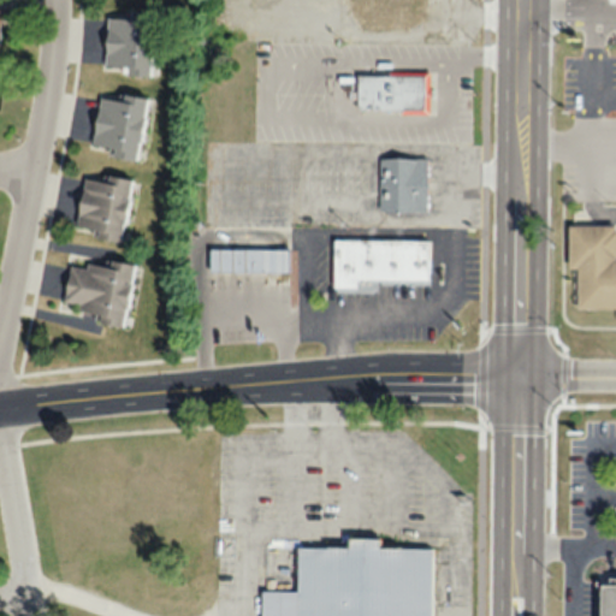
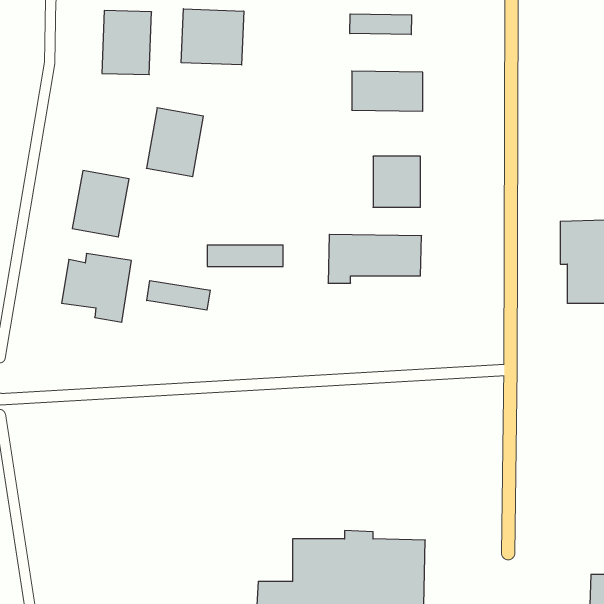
building: none -> [181,9,244,65]
building: none -> [350,14,412,35]
building: [91,91,149,161] -> [146,108,203,177]
building: none -> [147,281,210,310]

